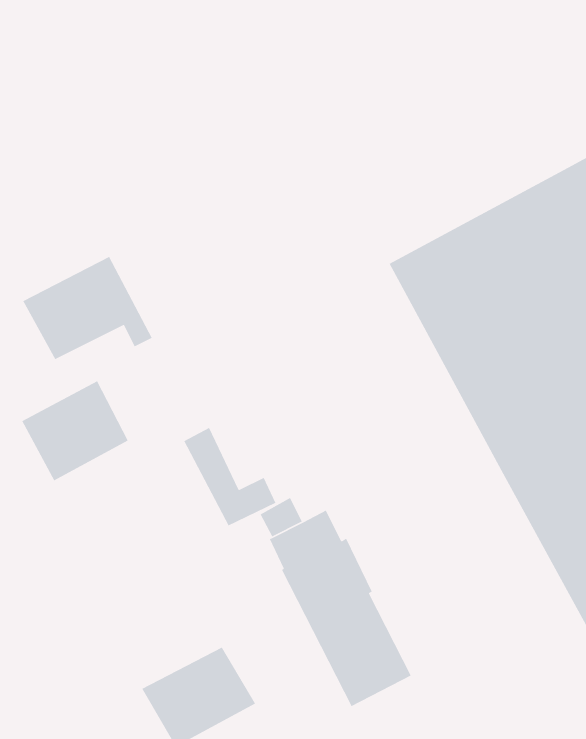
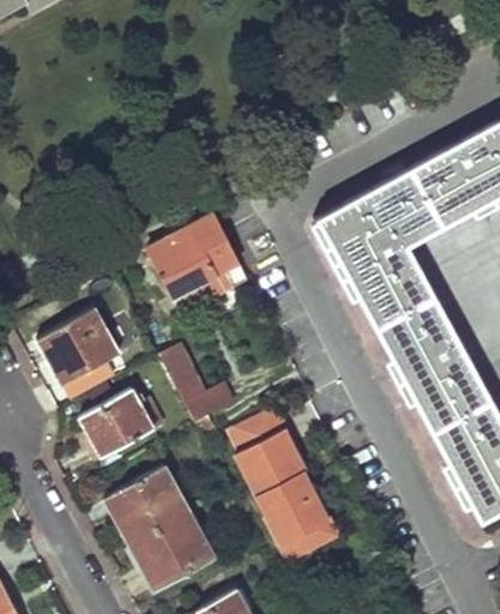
building: [22,256,153,360] -> [147,218,248,299]
building: none -> [78,390,163,459]
building: none -> [103,465,189,546]

